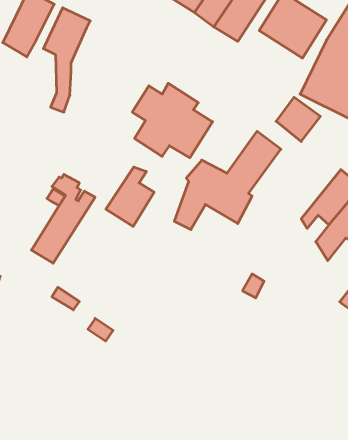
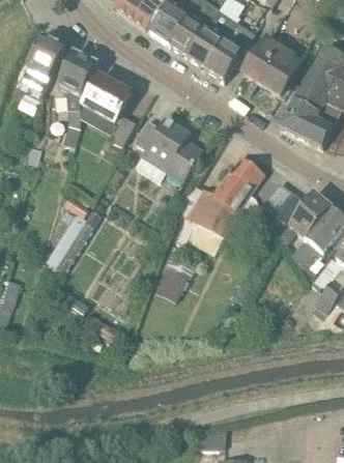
building: none -> [81,75,136,146]
building: [276,97,320,142] -> [263,183,302,222]
building: [106,167,154,226] -> none
building: none -> [155,266,188,301]

